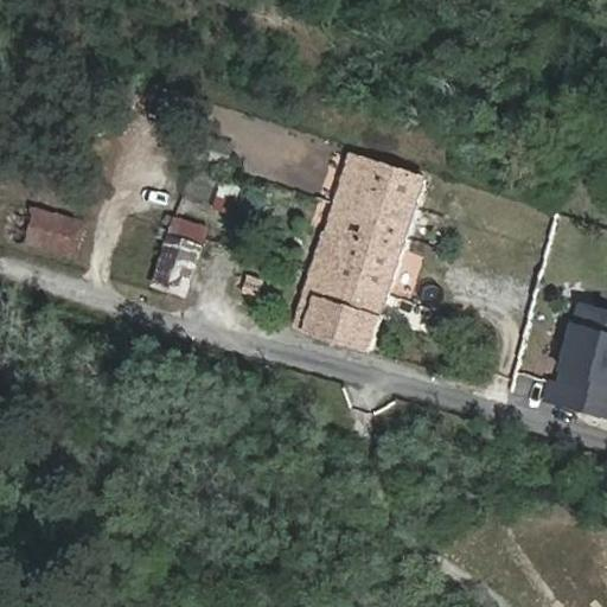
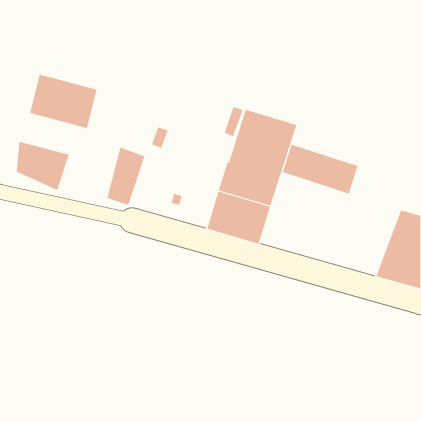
building: none -> [29,74,97,129]
building: none -> [282,144,358,194]

